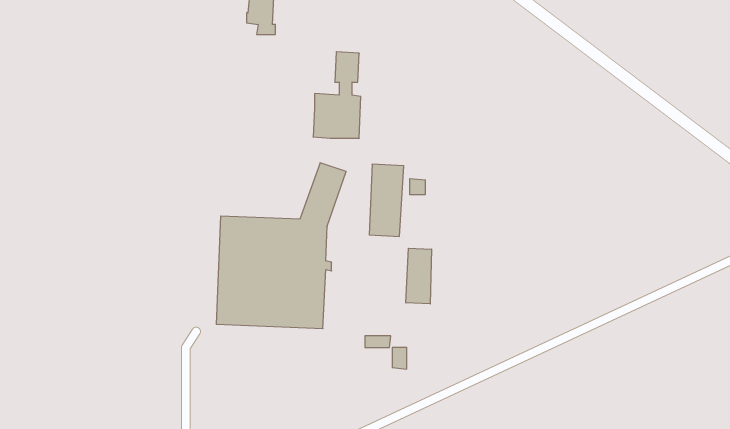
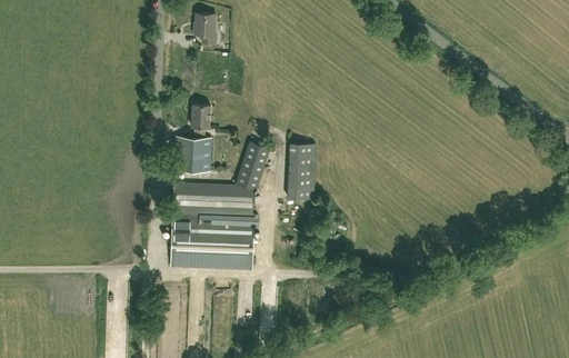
building: [313,52,361,138] -> [174,103,211,170]
building: [406,248,432,304] -> none

